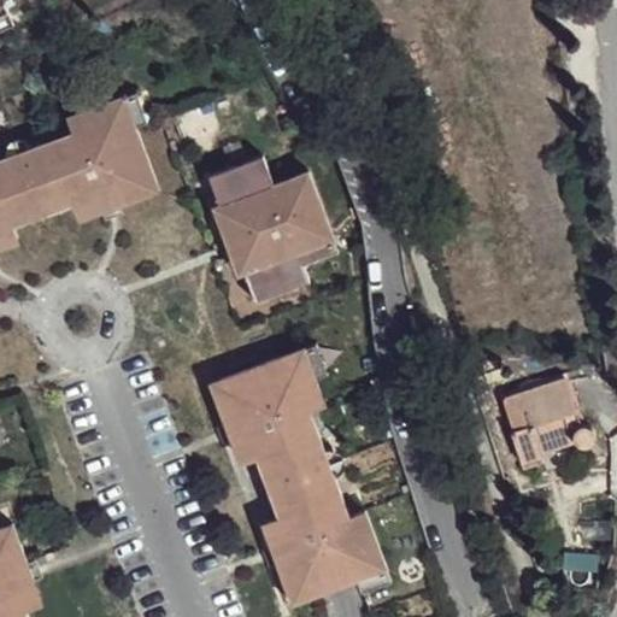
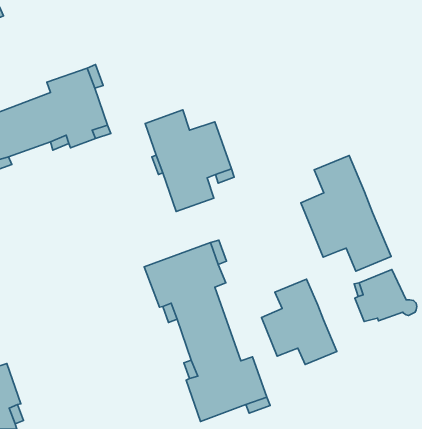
building: none -> [301,155,391,271]
building: none -> [261,279,337,365]

